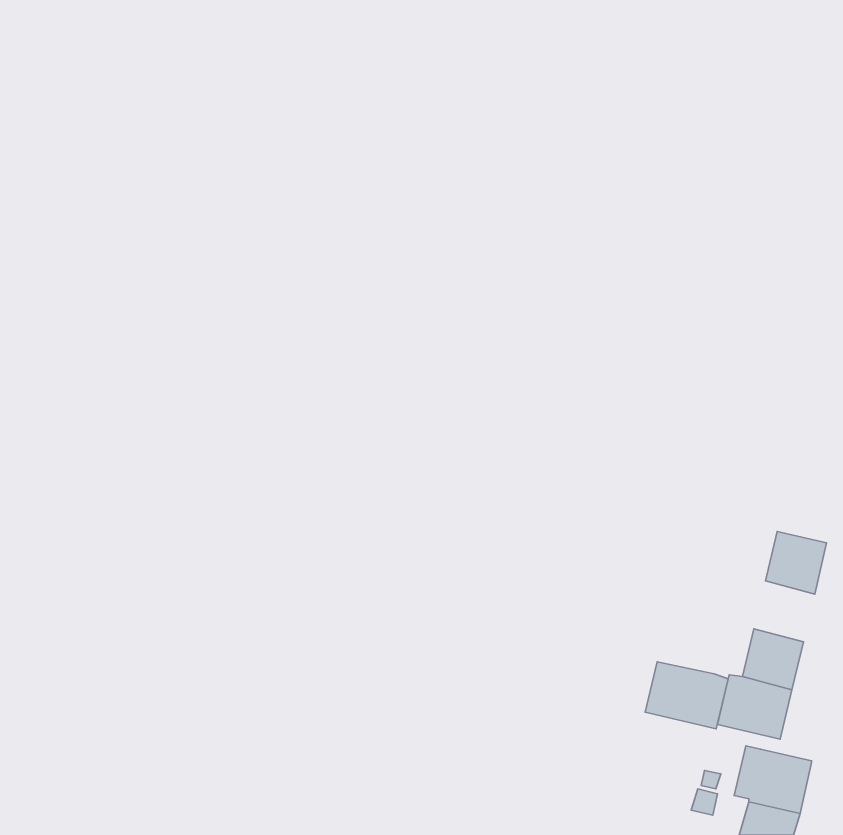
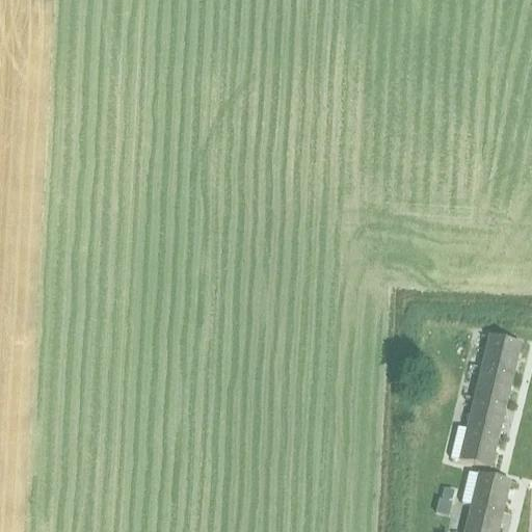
building: none -> [475,366,513,404]
building: [645,662,728,729] -> none

